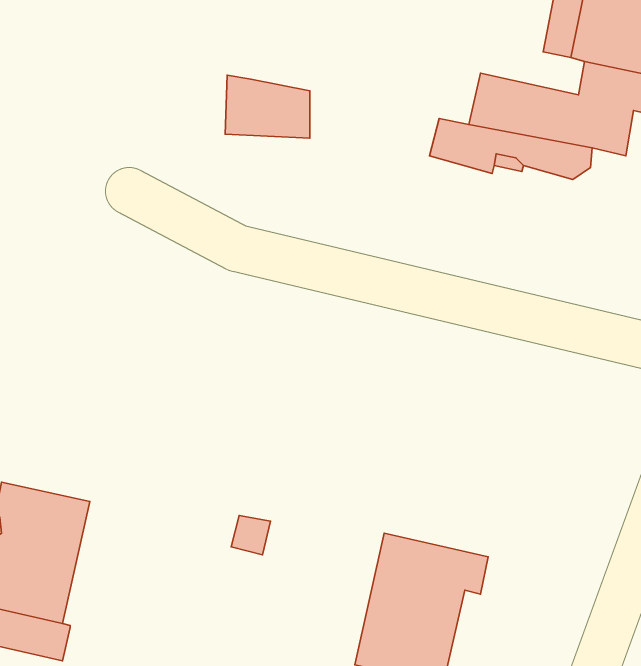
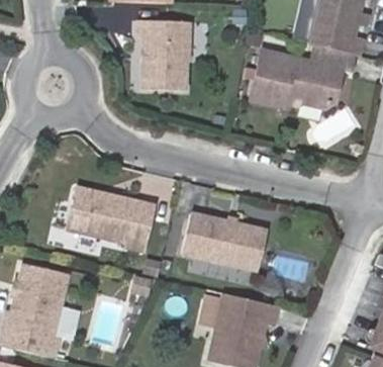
building: none -> [146,23,198,68]
building: none -> [69,188,154,250]
building: none -> [183,212,266,268]

